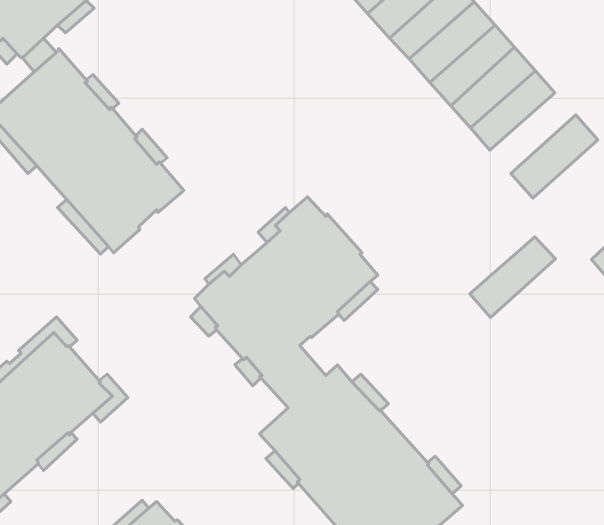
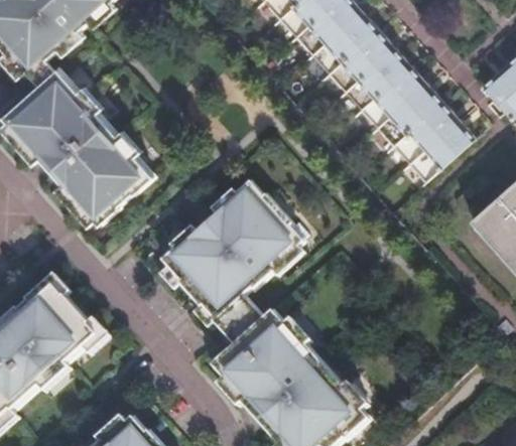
building: [470,237,556,317] -> [390,98,457,160]

